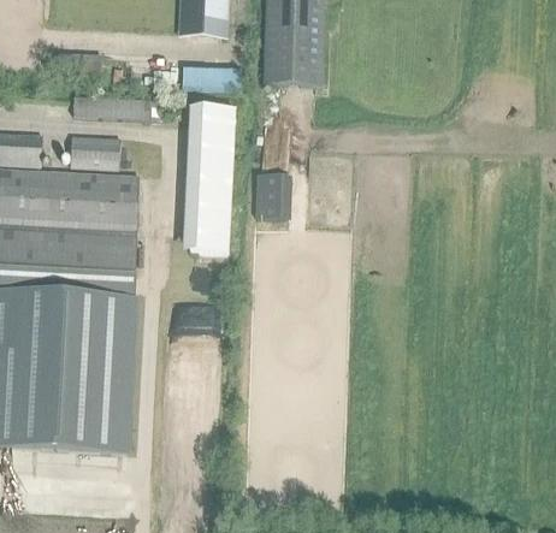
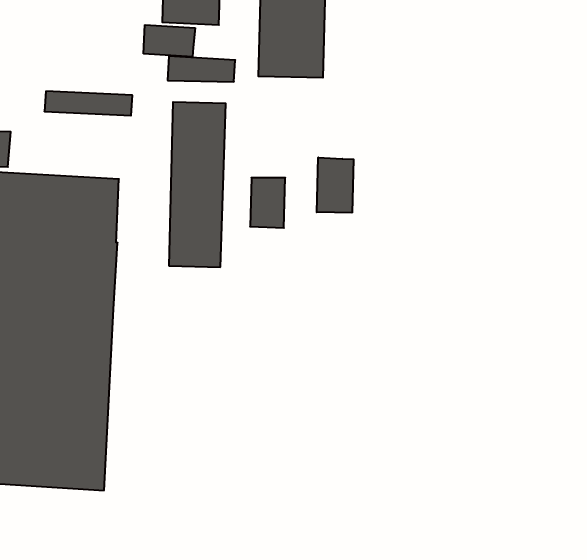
building: none -> [144,25,195,57]
building: [70,135,120,166] -> none
building: none -> [317,157,354,213]

